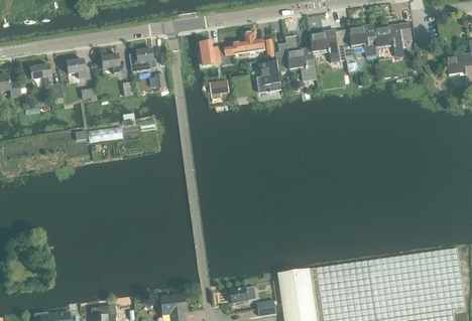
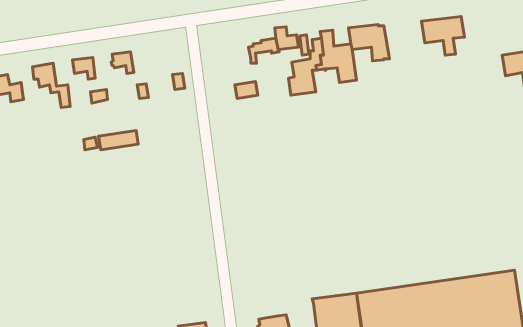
building: [341,24,378,71] -> none
building: [200,39,222,65] -> none
building: [129,47,156,70] -> none

